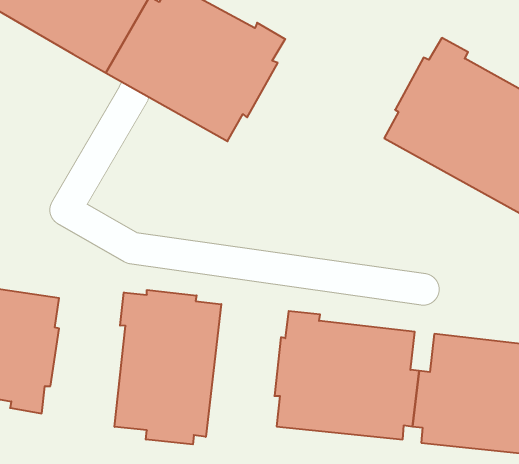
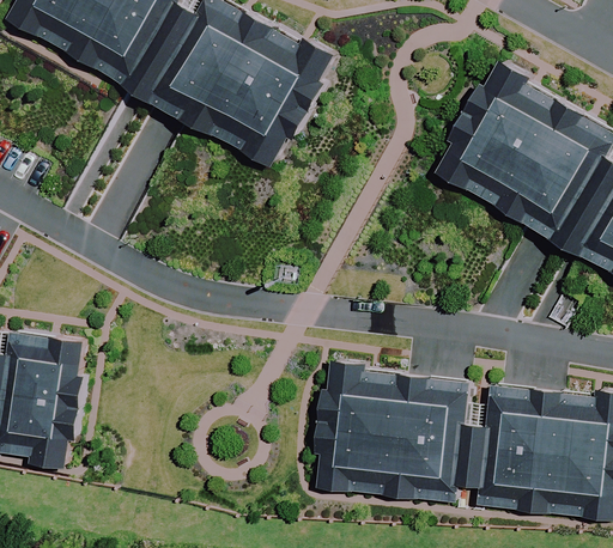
building: [115,290,221,444] -> none

